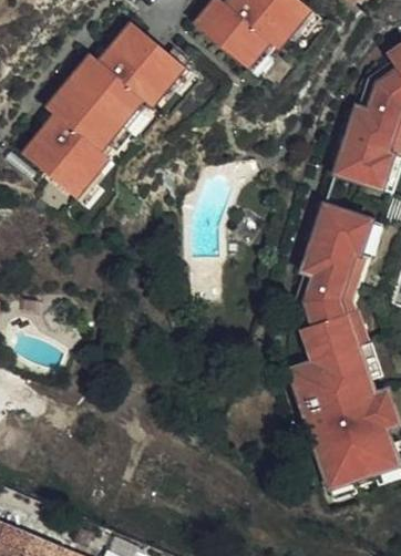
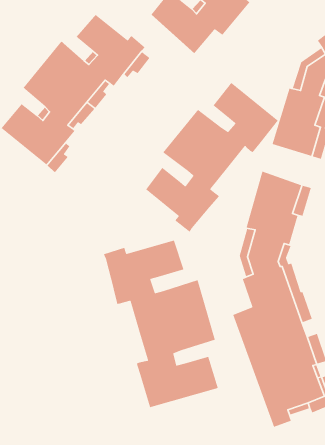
building: none -> [145,82,279,233]
building: none -> [103,239,219,408]

